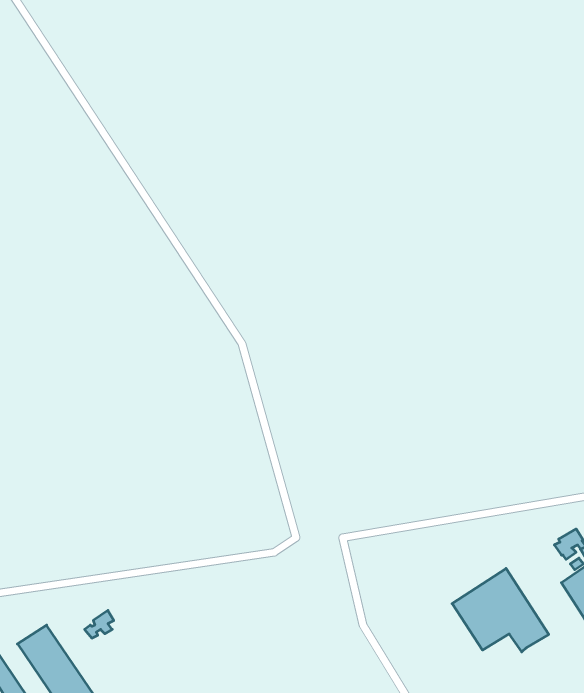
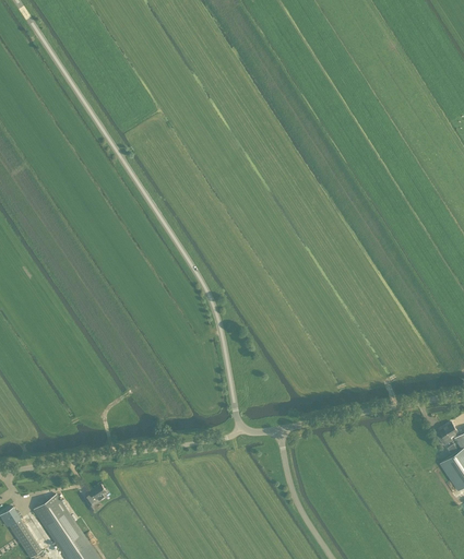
building: [452,568,549,652] -> none

